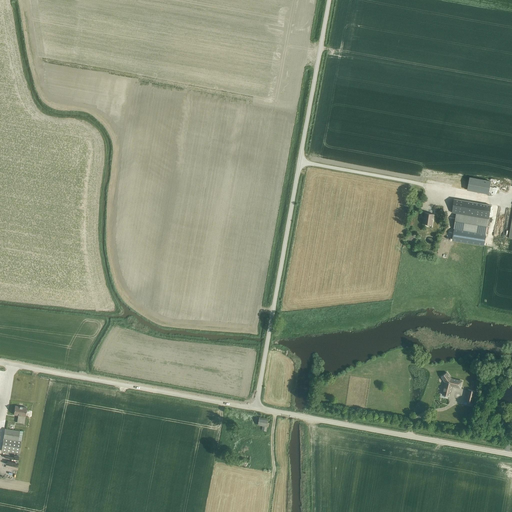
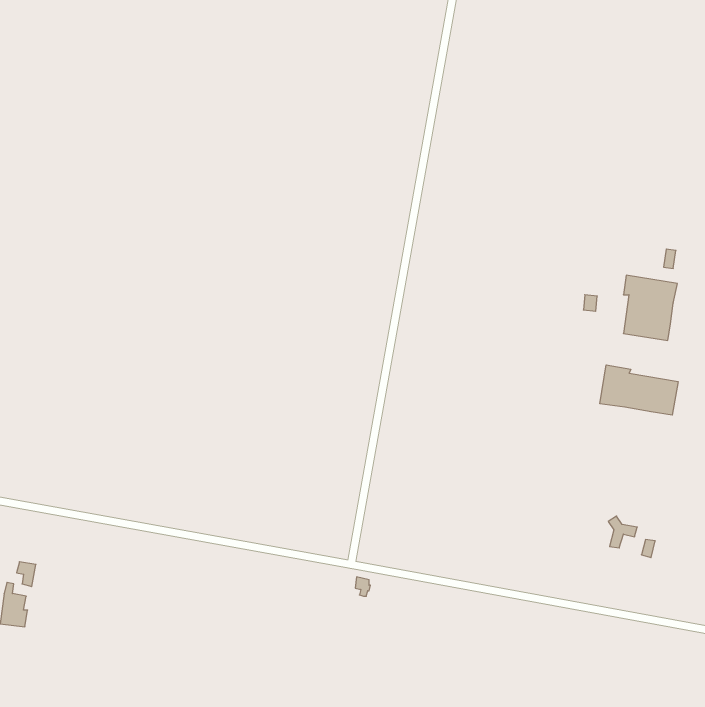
building: none -> [600,365,678,415]

